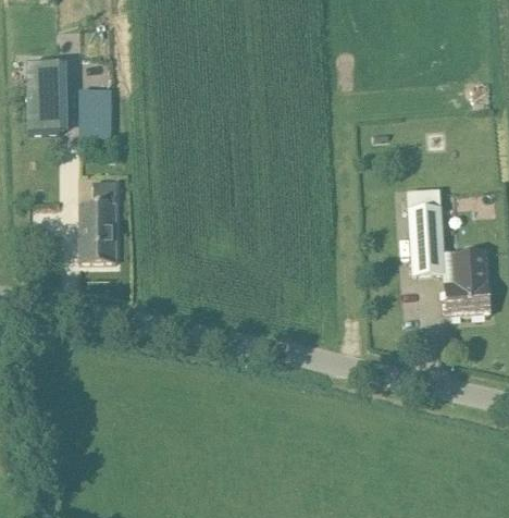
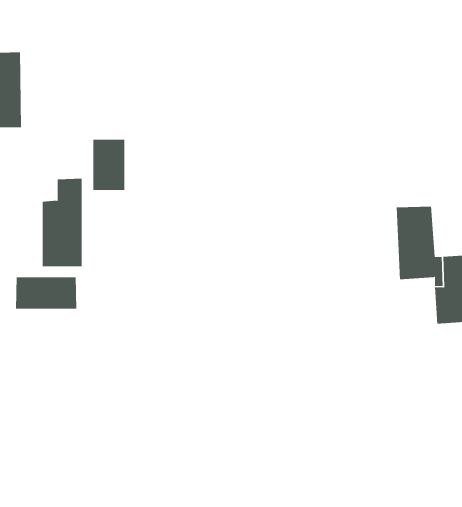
building: [80,87,111,135] -> [92,139,125,190]
building: none -> [15,276,77,310]

